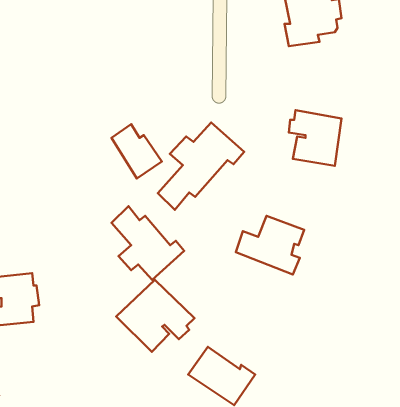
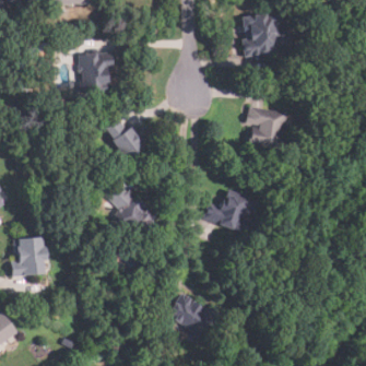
building: none -> [79,51,111,92]
building: [158,123,244,210] -> none
building: [116,280,194,352] -> none

